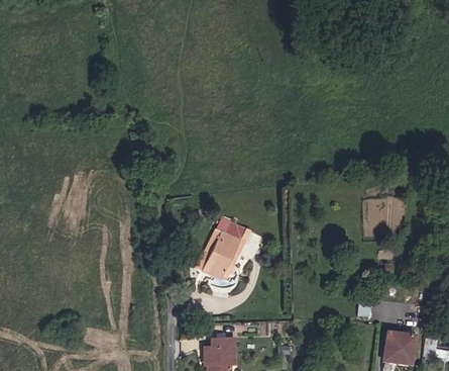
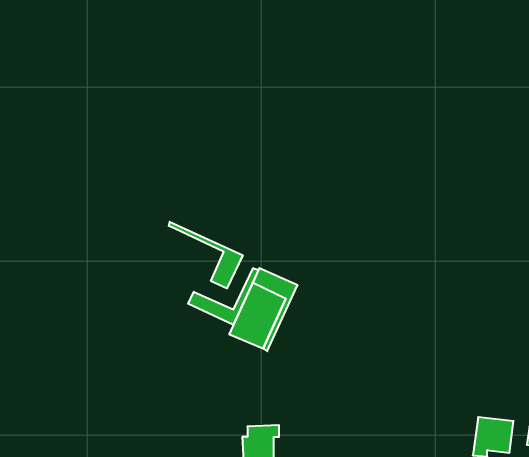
building: none -> [169,222,243,288]
building: none -> [188,268,259,325]

